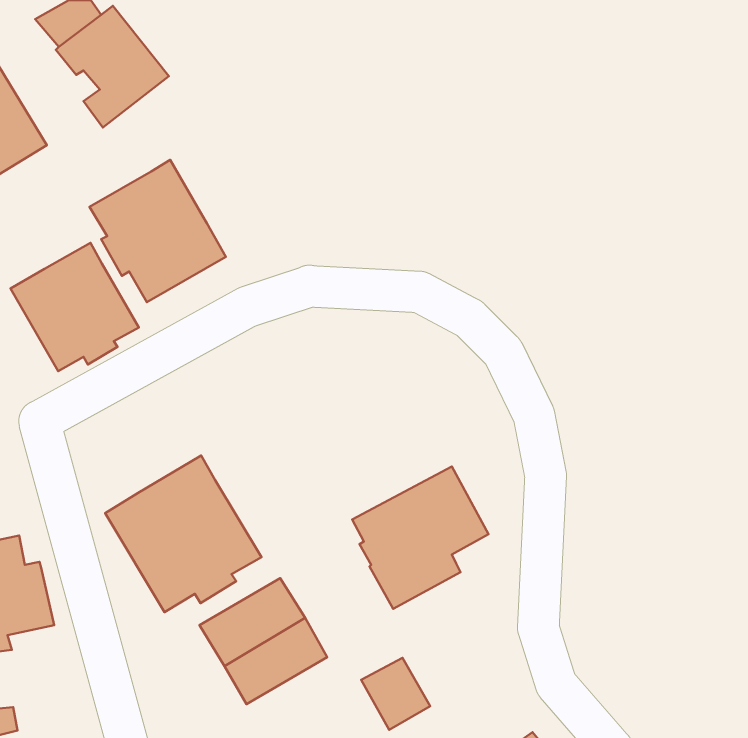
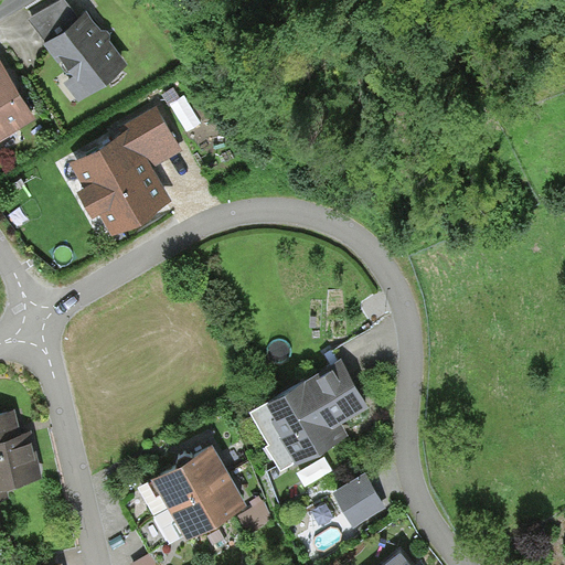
building: none -> [110,107,182,171]
building: [11,243,139,371] -> none
building: [105,456,261,612] -> none
building: [361,658,430,730] -> [332,475,384,529]

